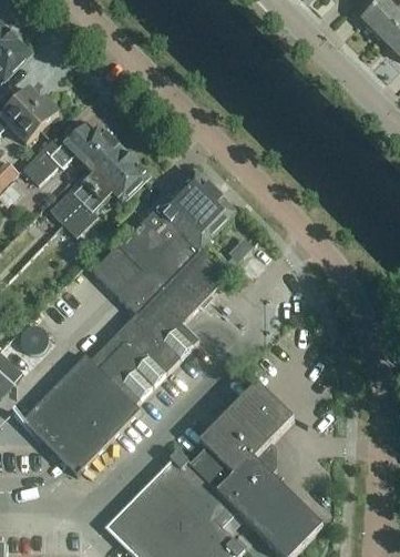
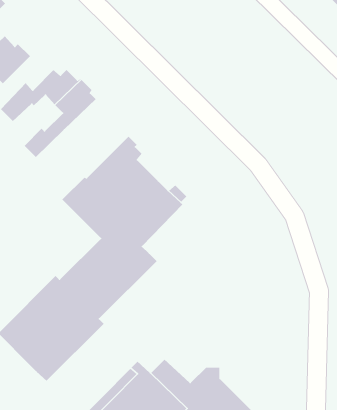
building: [63,160,147,237] -> none
building: [166,172,236,251] -> none
building: [199,385,293,476] -> none

